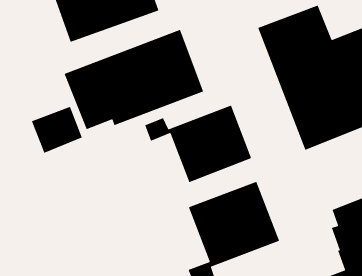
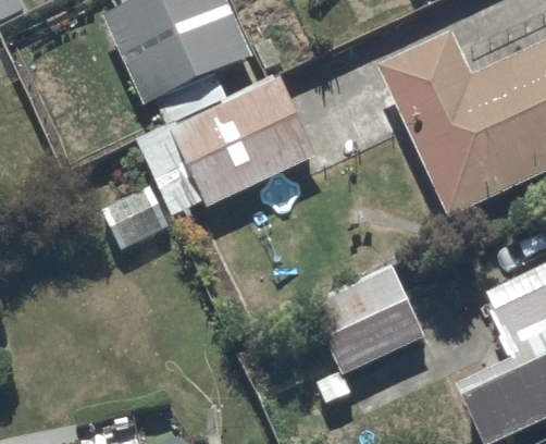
building: [144,104,252,183] -> none

